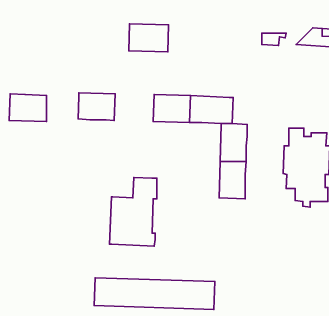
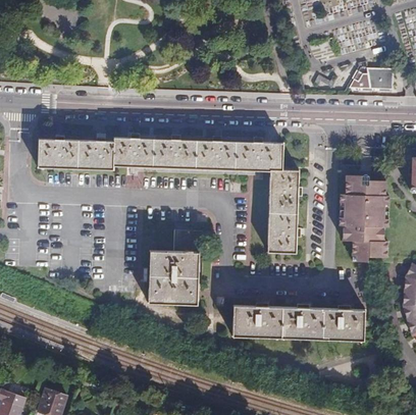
building: [129,24,169,52] -> [153,138,197,168]
building: none -> [79,140,114,169]
building: [94,278,215,309] -> [232,306,365,341]

